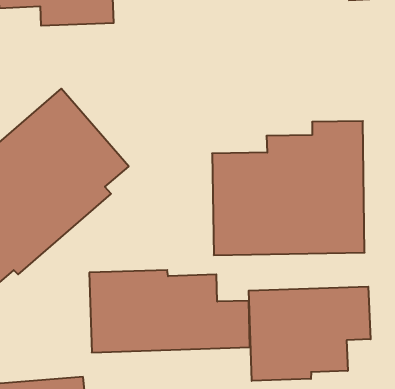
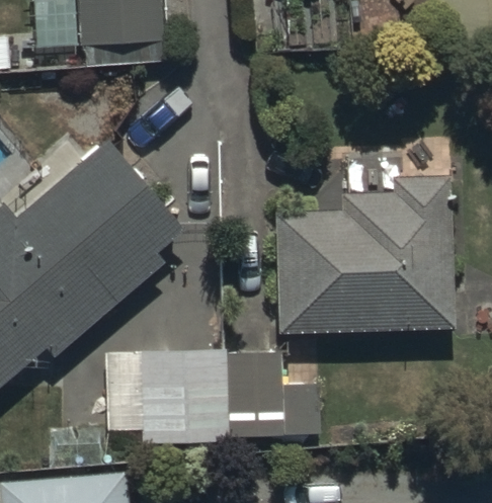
building: [249,287,371,381] -> none

